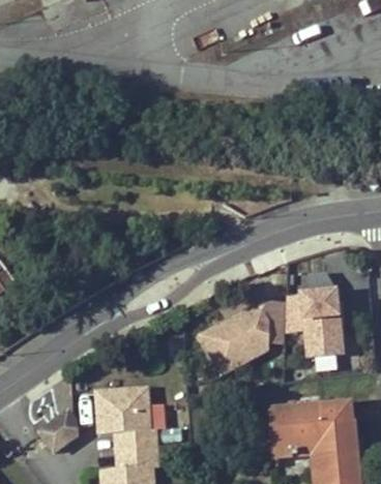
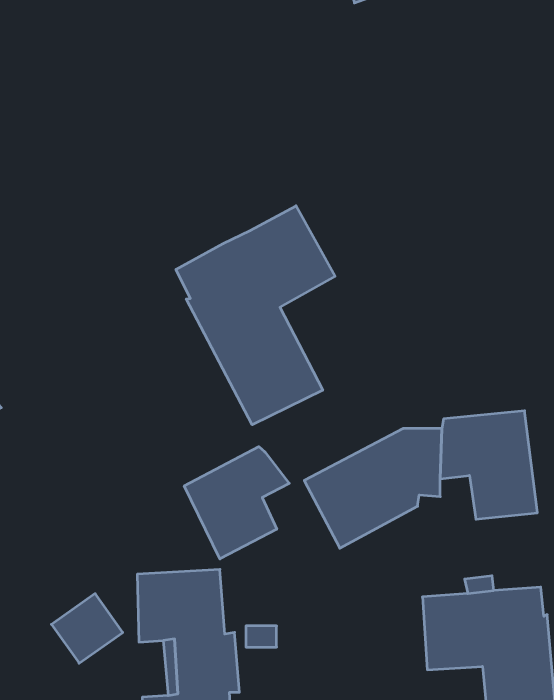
building: none -> [176,206,335,425]
building: none -> [184,447,289,559]

